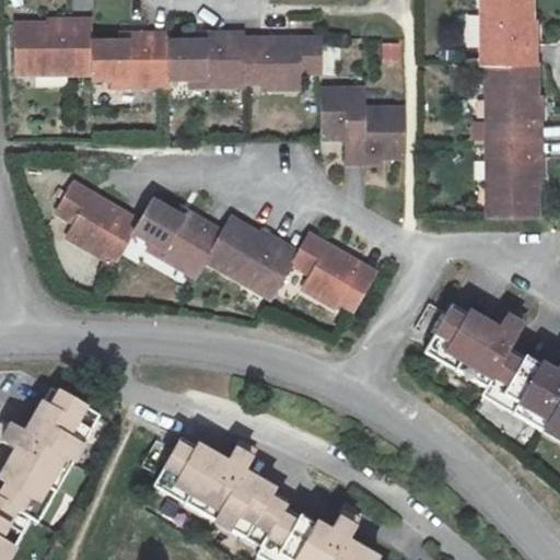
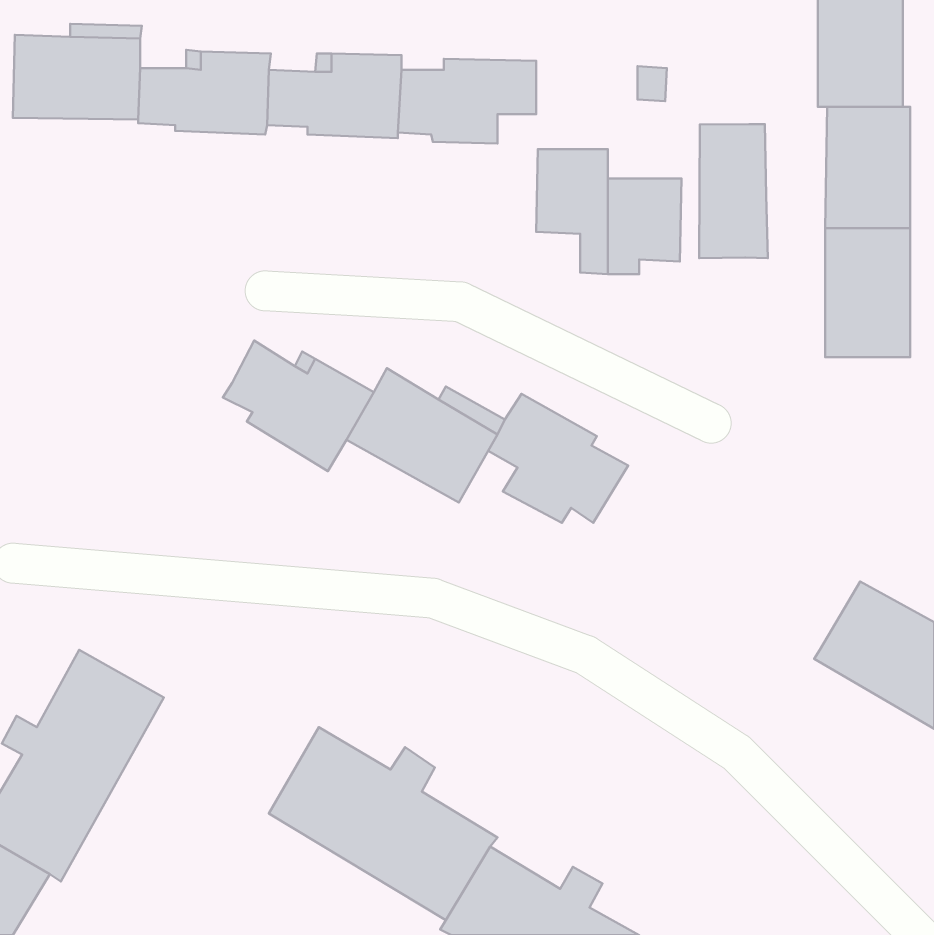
building: none -> [699,124,768,258]
building: [54,185,138,260] -> none
building: [425,303,526,386] -> none

